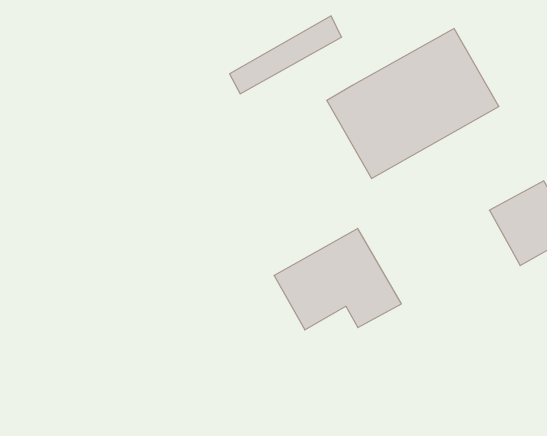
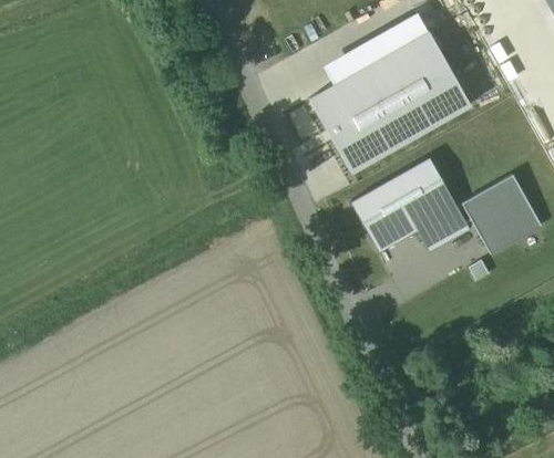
building: [230,16,342,94] -> [324,12,429,85]
building: [274,228,401,330] -> [350,158,470,253]

